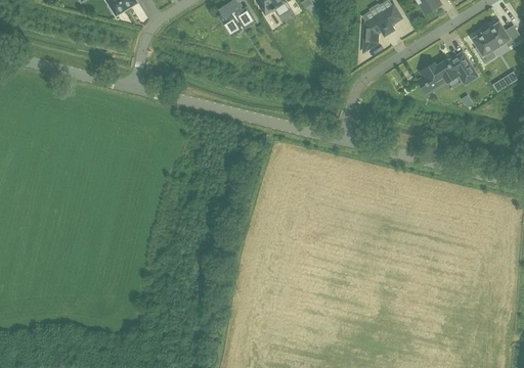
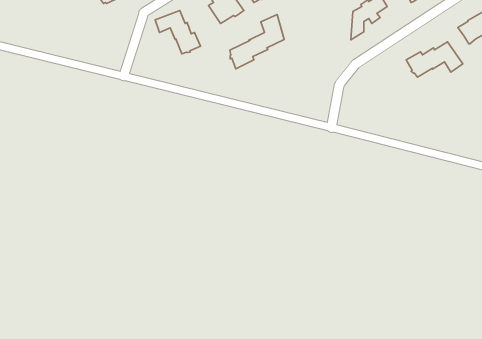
building: none -> [155,11,200,54]
building: none -> [230,15,284,69]

